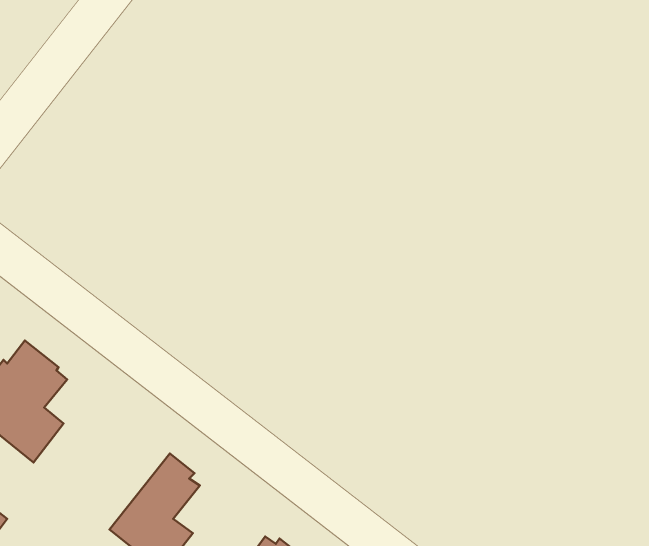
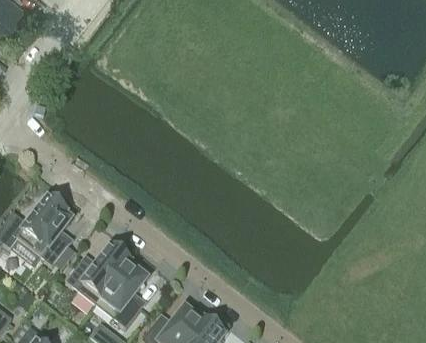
building: none -> [65,247,129,305]

